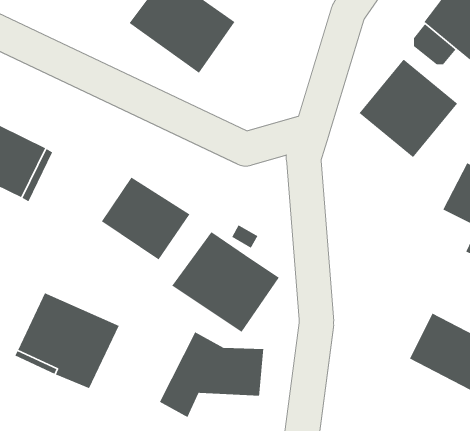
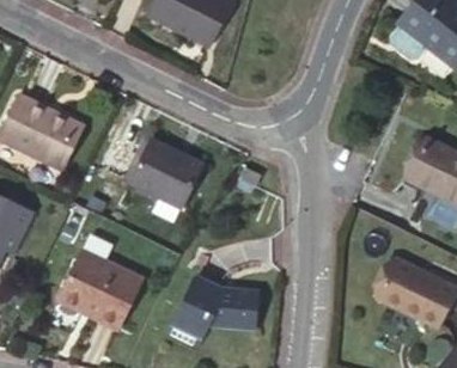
building: [358,58,458,158] -> none
building: [171,231,280,333] -> none

